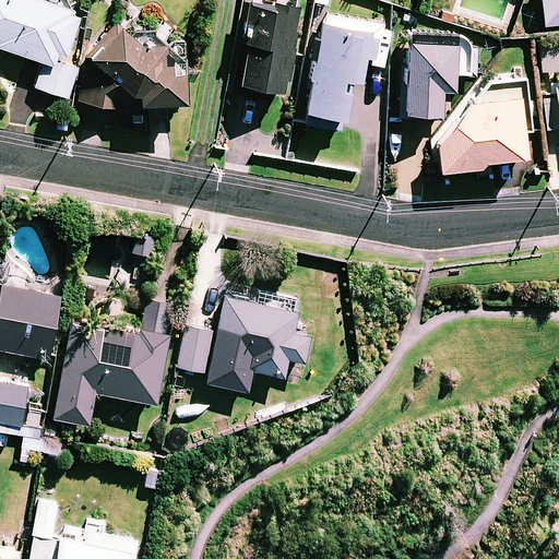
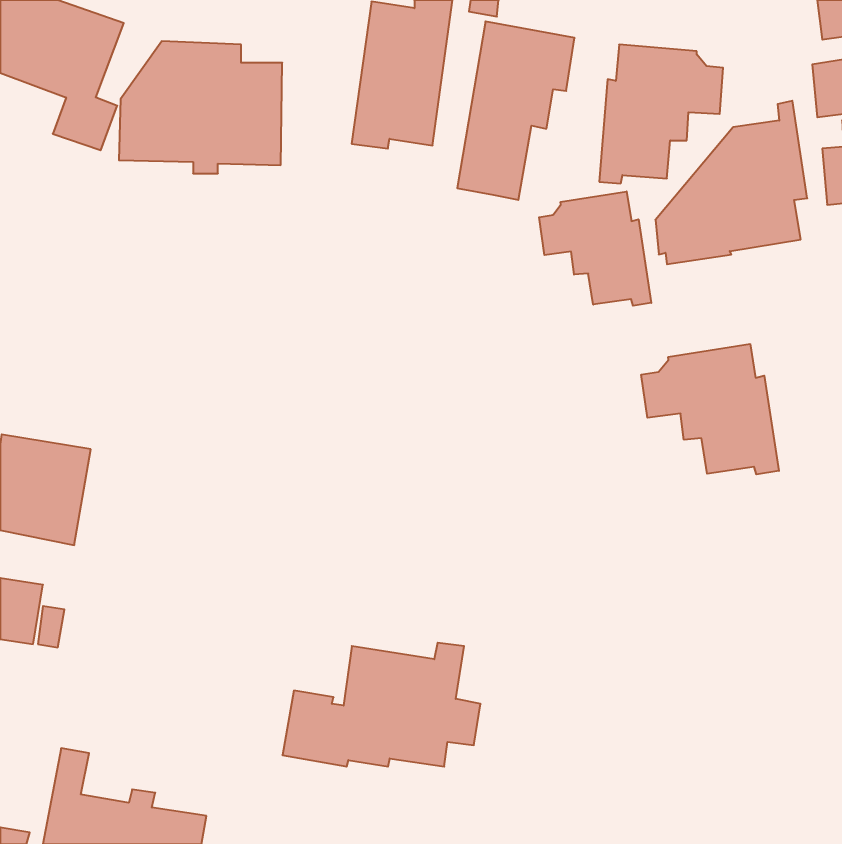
building: none -> [539,191,651,306]
building: none -> [641,344,779,474]
building: [179,296,310,378] -> [282,643,481,767]
building: [53,323,169,426] -> none

